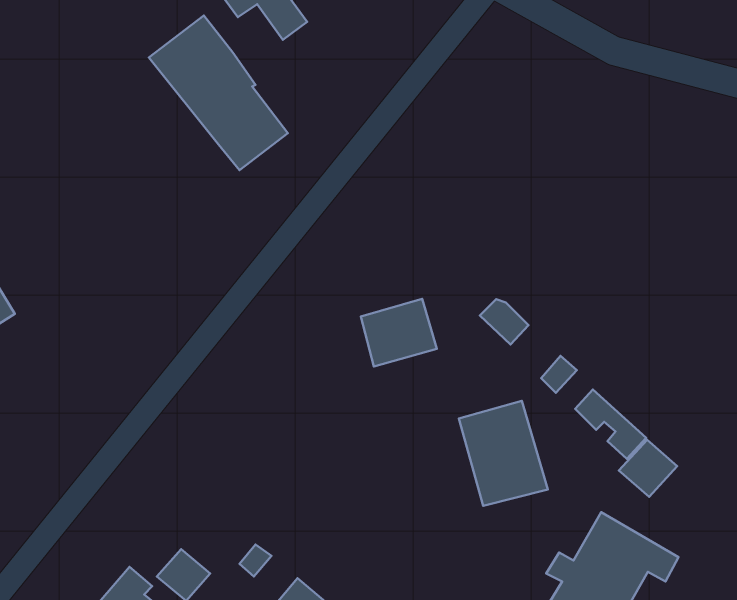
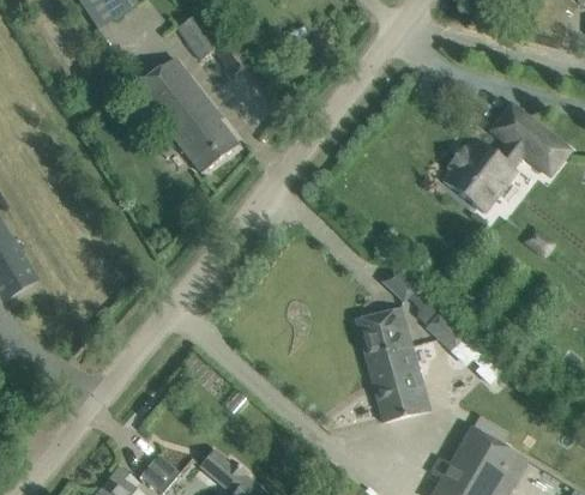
building: none -> [444,103,567,211]
building: [361,299,437,367] -> [356,307,412,357]
building: [619,440,677,497] -> none

